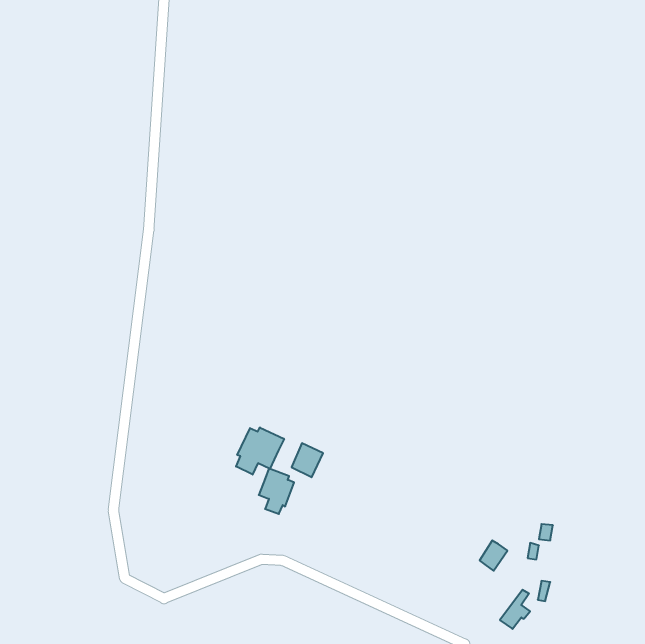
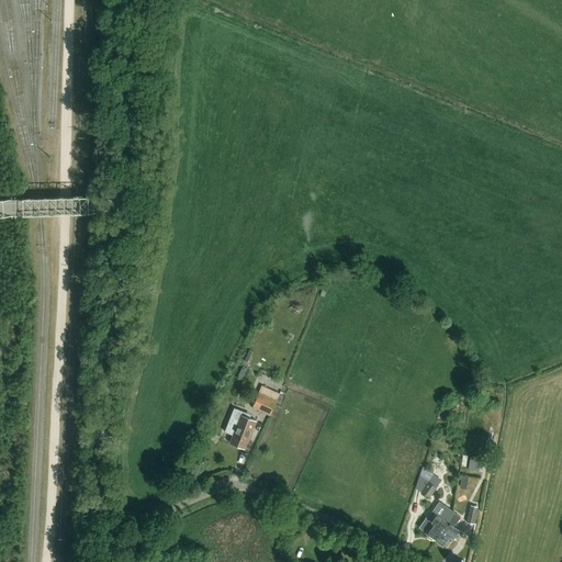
building: [236,427,284,475] -> none
building: none -> [419,507,454,539]

